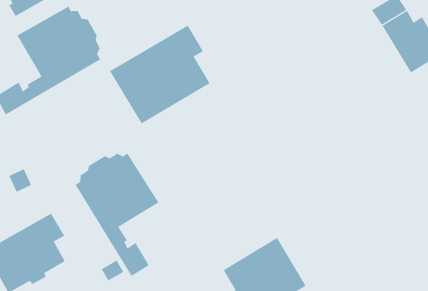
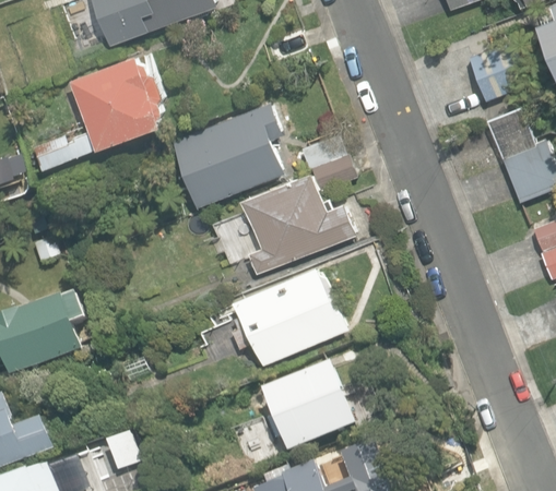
building: none -> [241,133,357,274]
building: [75,153,159,277] -> none
building: none -> [232,265,348,366]

